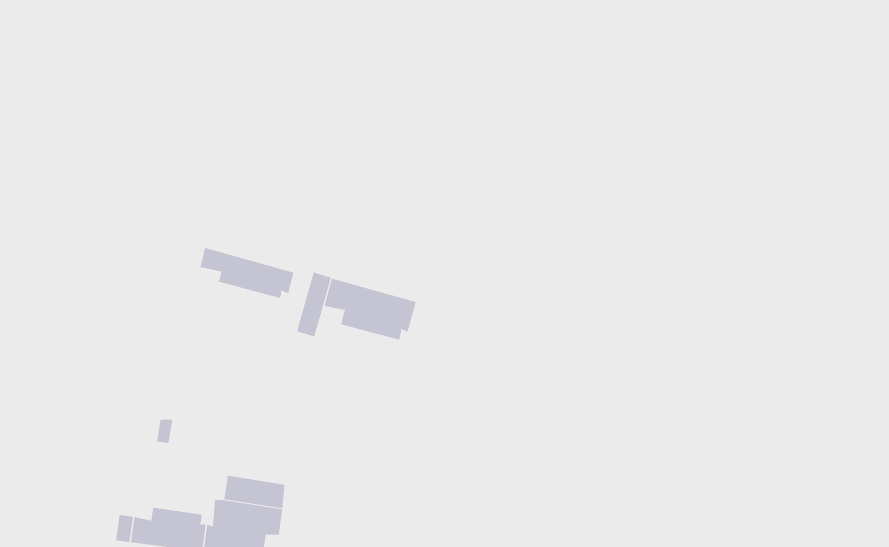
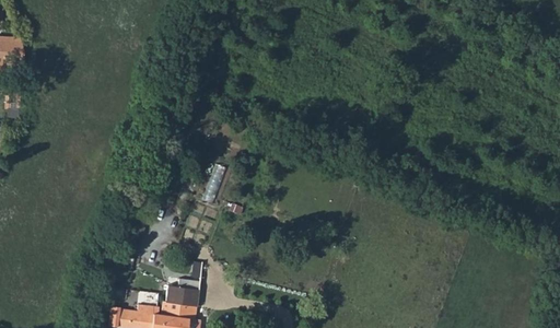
building: [200,247,294,299] -> none
building: [324,278,416,340] -> none

